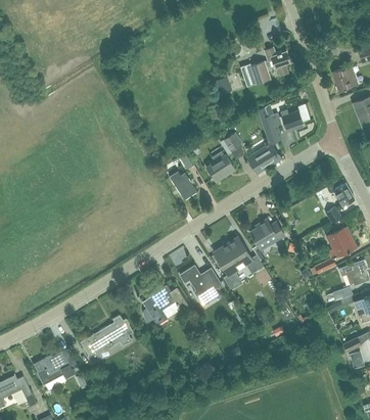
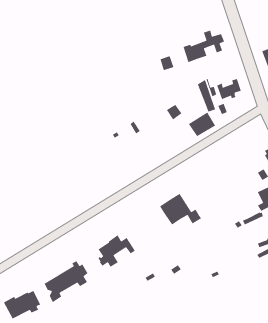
building: [206,155,234,182] -> none
building: [170,172,197,200] -> none
building: [250,220,284,247] -> none
building: [180,266,222,306] -> none

